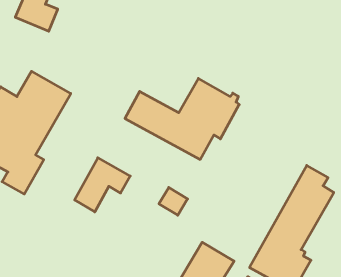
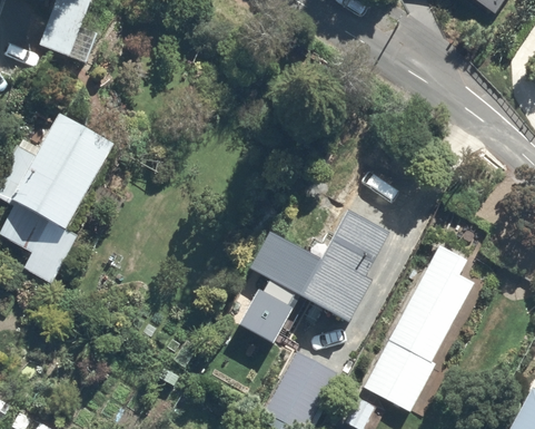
building: [125,78,239,159] -> [246,213,402,323]
building: [75,158,130,212] -> none

